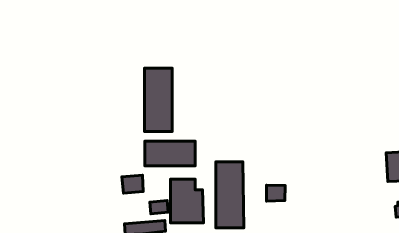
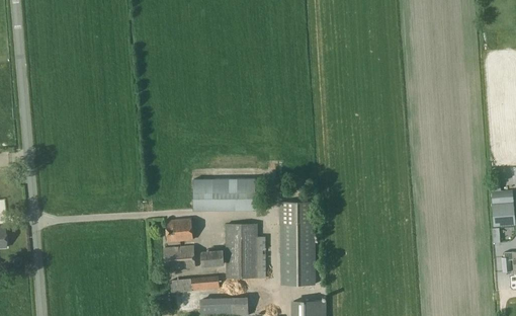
building: [144,68,172,131] -> none
building: [267,185,285,201] -> none
building: none -> [165,246,194,268]

